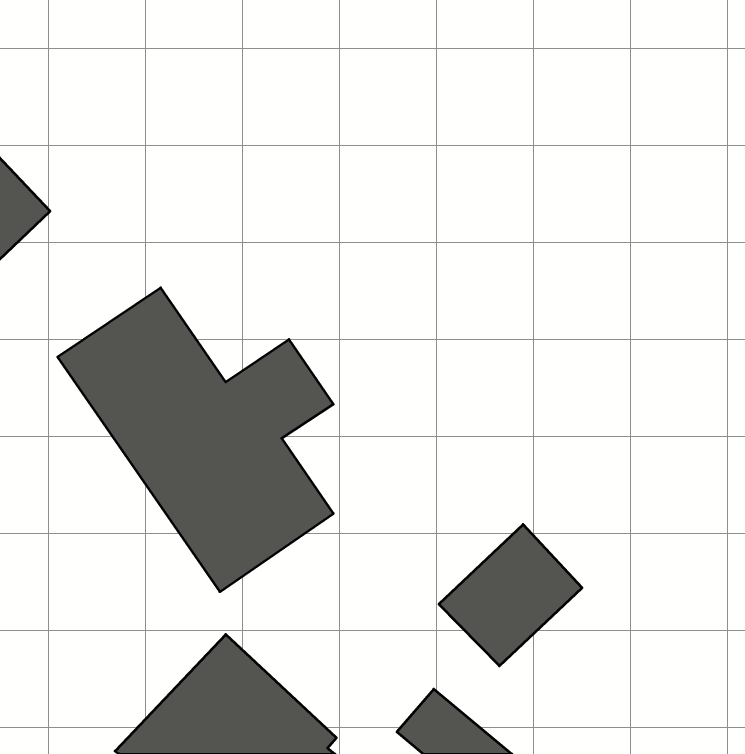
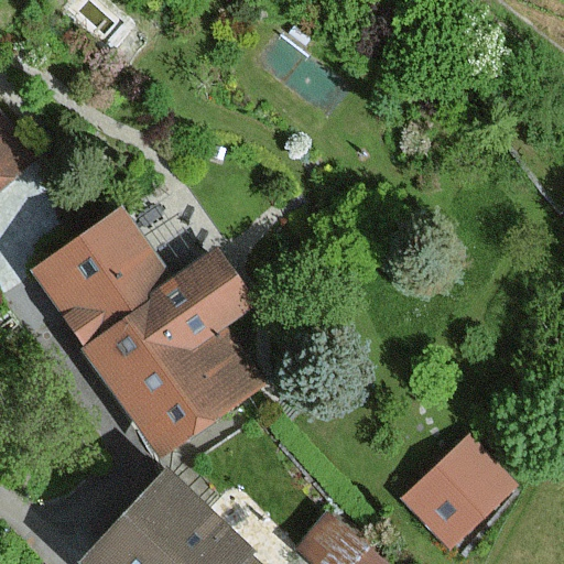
building: [439,524,582,666] -> [403,436,510,542]

